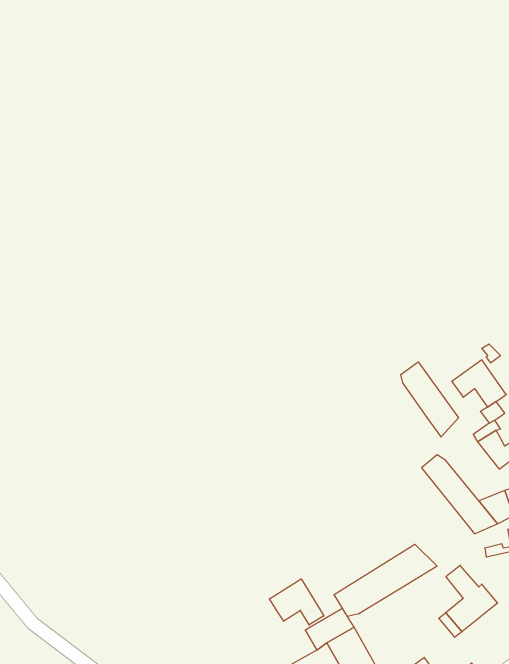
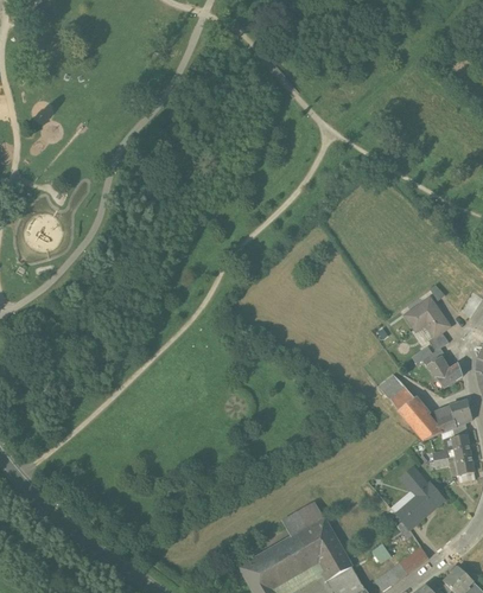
building: [401,362,459,437] -> none
building: [334,544,437,616] -> none
building: [269,579,324,625] -> none

